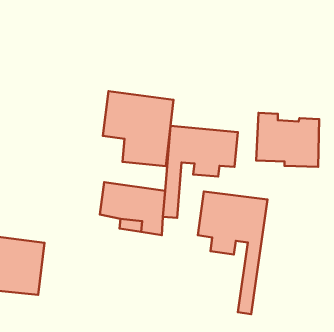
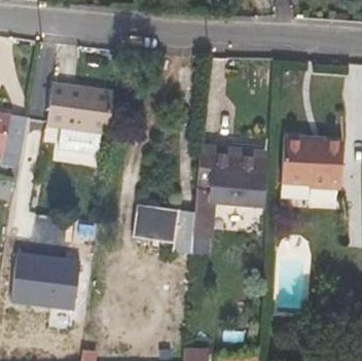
building: [103,91,173,166] -> [46,82,113,153]
building: [198,192,267,314] -> none

